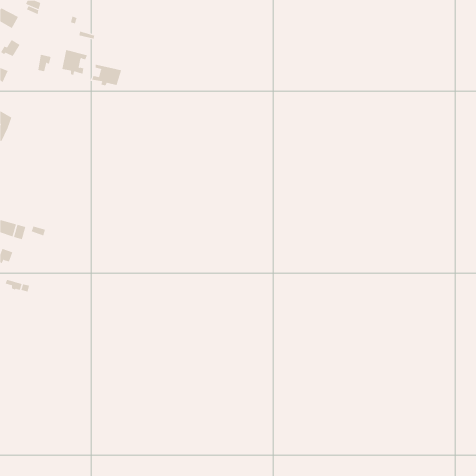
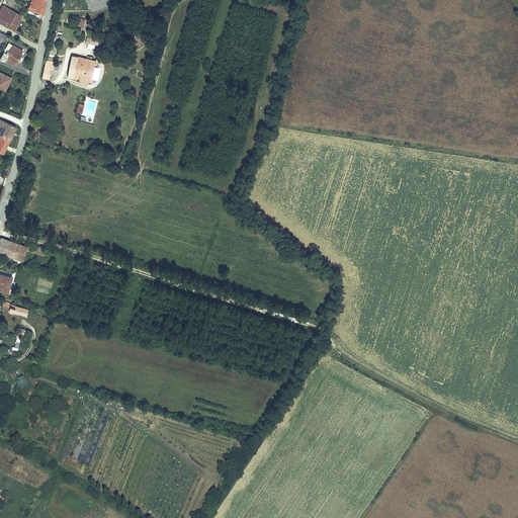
building: [91,64,122,86] -> none

